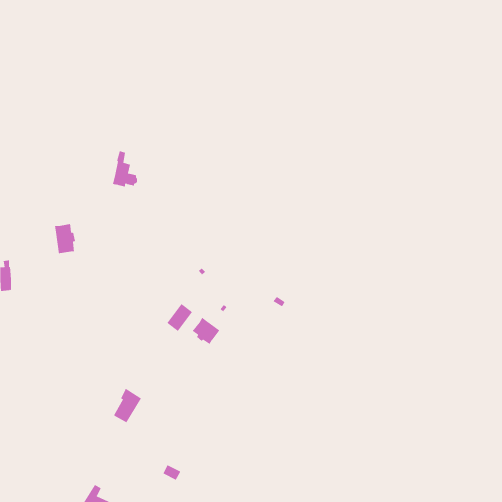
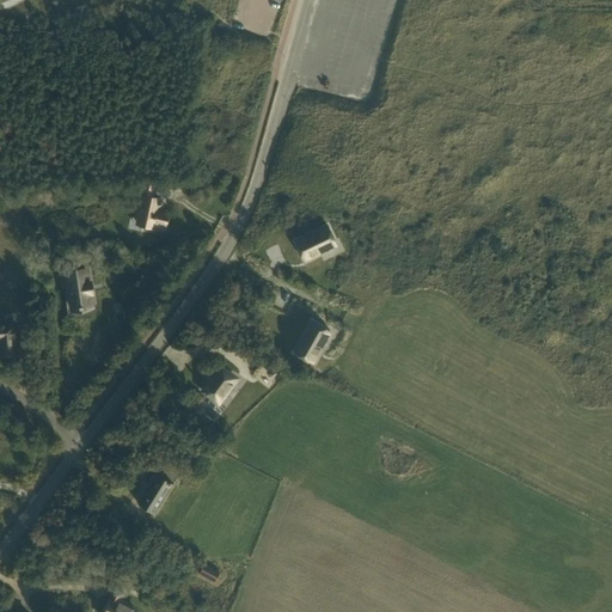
building: none -> [294,227,336,261]
building: none -> [293,320,330,363]
building: [192,317,220,345] -> none

